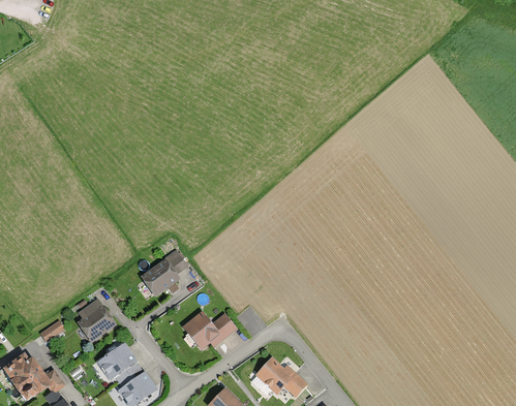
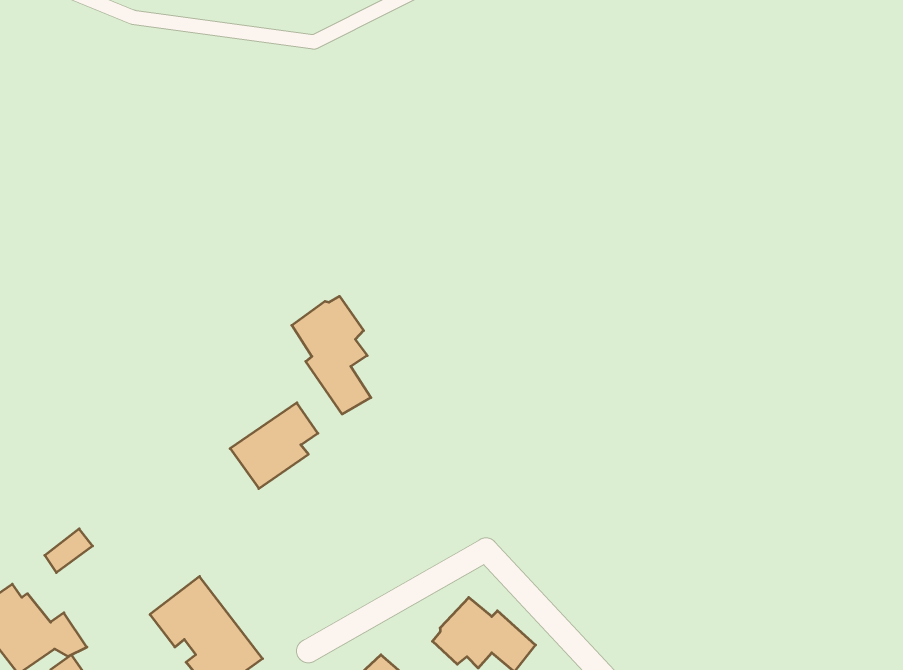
building: none -> [292,296,371,414]
building: [77,300,116,345] -> none
building: [179,310,233,350] -> none

